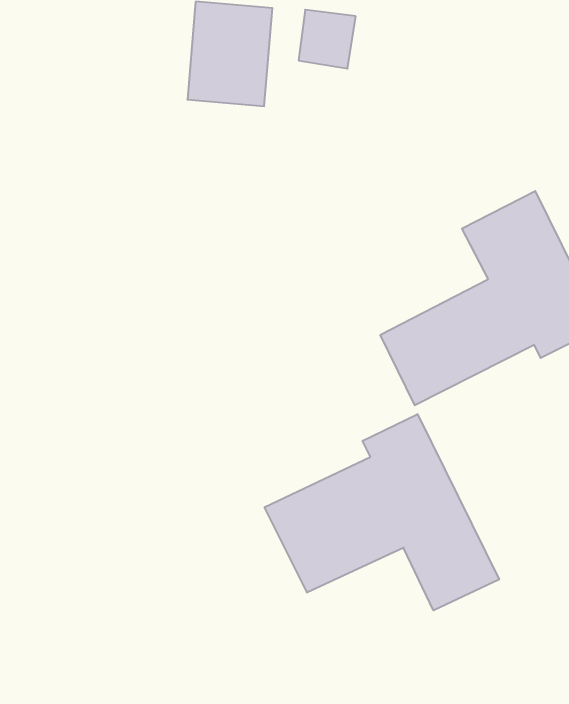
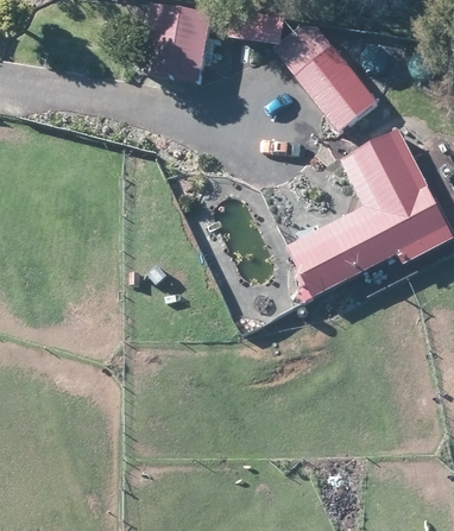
building: none -> [282,26,380,128]
building: [265,414,499,610] -> none

